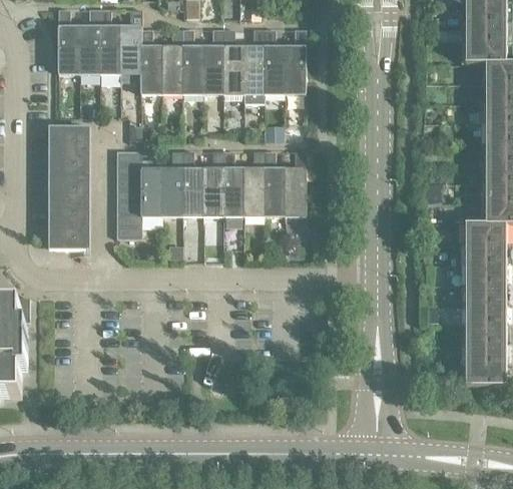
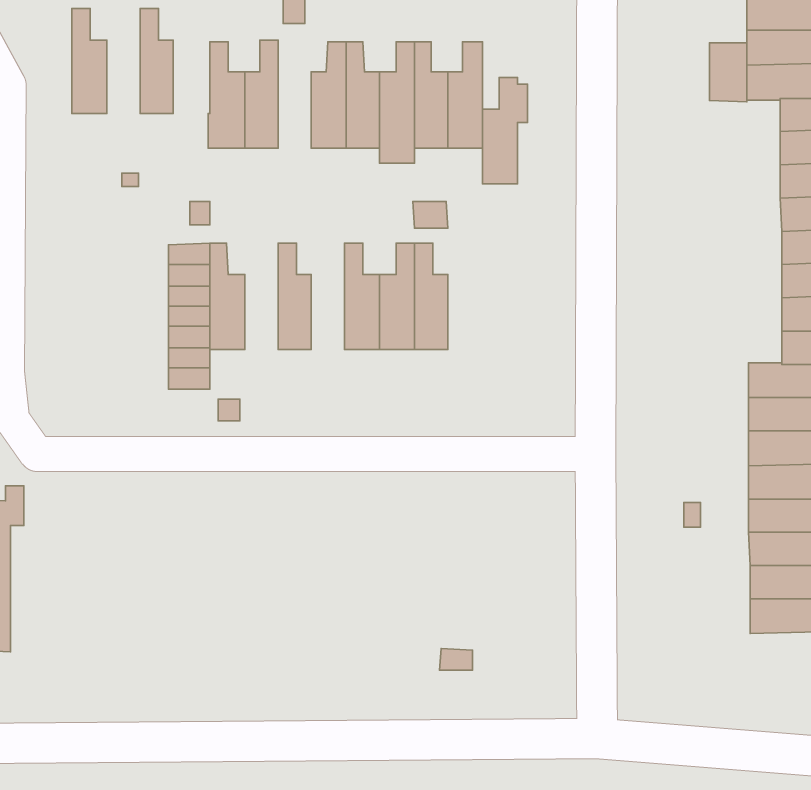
building: [79,9,99,72] -> none
building: [119,9,142,80] -> none
building: [182,28,202,93] -> none
building: none -> [709,43,747,102]
building: [53,125,84,250] -> none
building: [162,150,182,214] -> none
building: [202,150,222,214] -> none
building: [285,150,312,214] -> [483,77,527,184]

